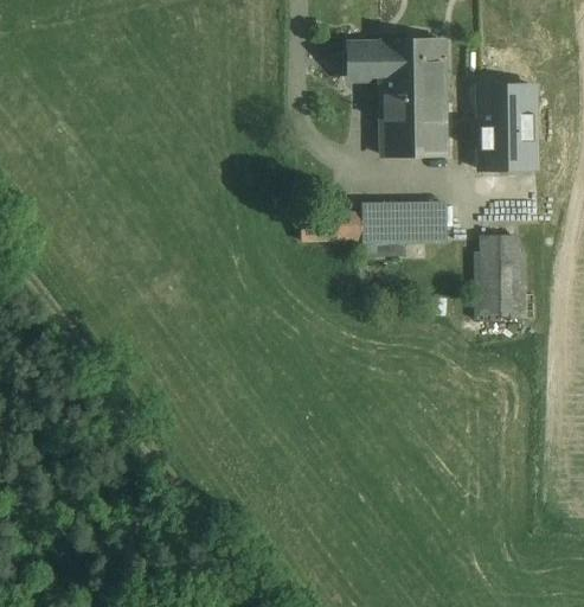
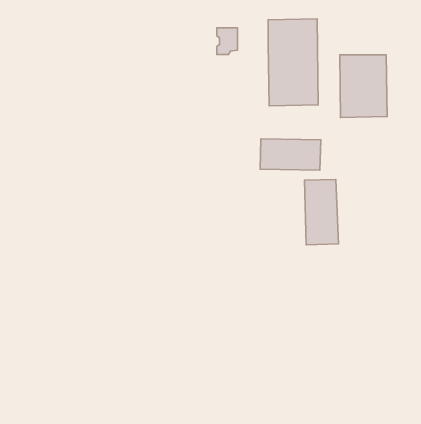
building: [351,44,378,79] -> [217,28,237,55]
building: [482,232,527,319] -> [304,179,338,245]

